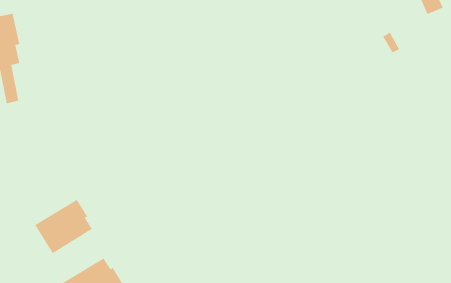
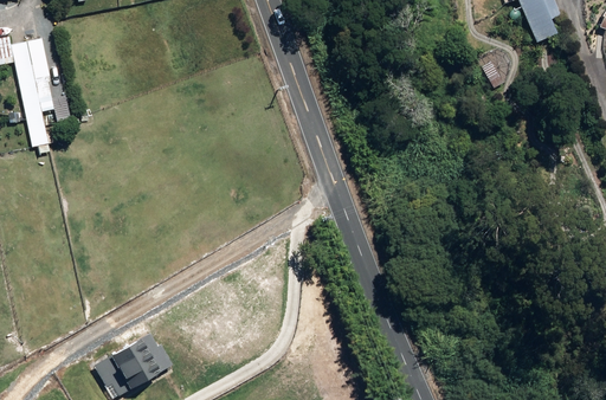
building: [34,199,93,254] -> none

